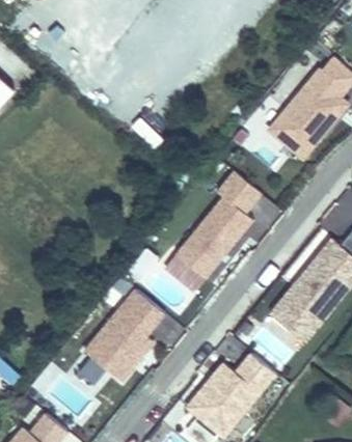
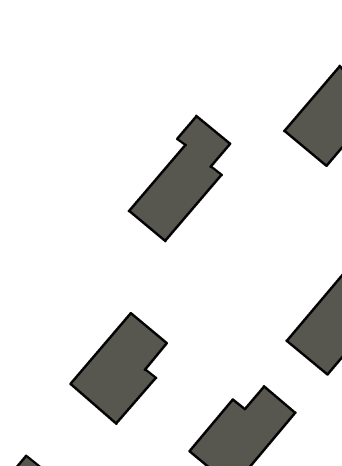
building: [174,171,262,279] -> [129,116,230,241]

